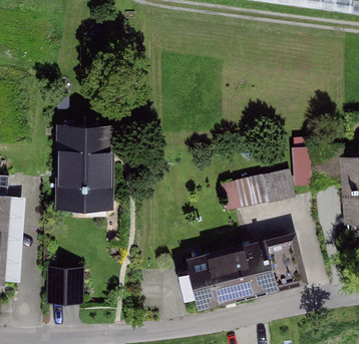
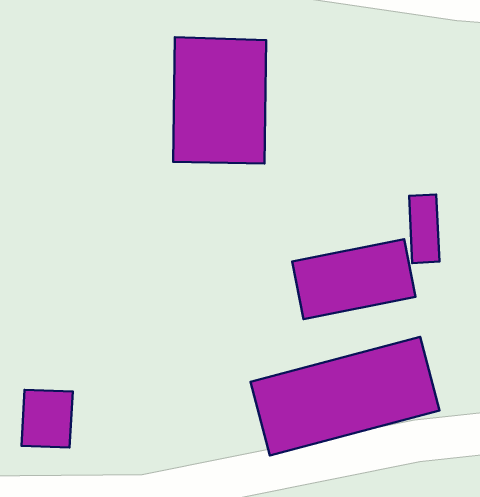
building: [58,129,116,209] -> [173,37,266,164]

